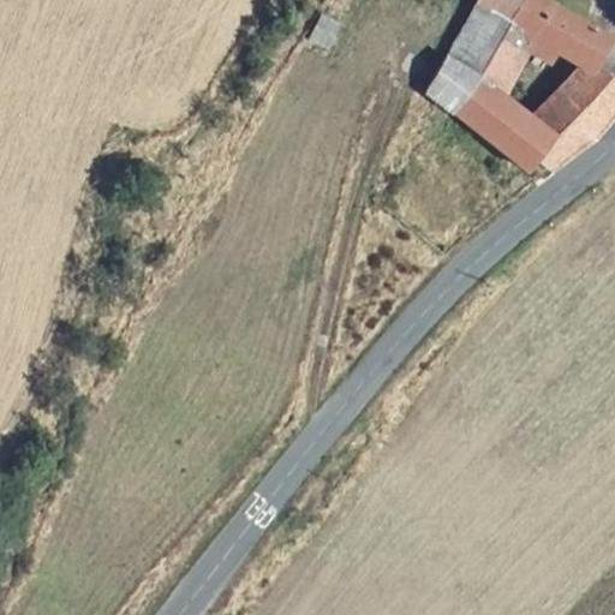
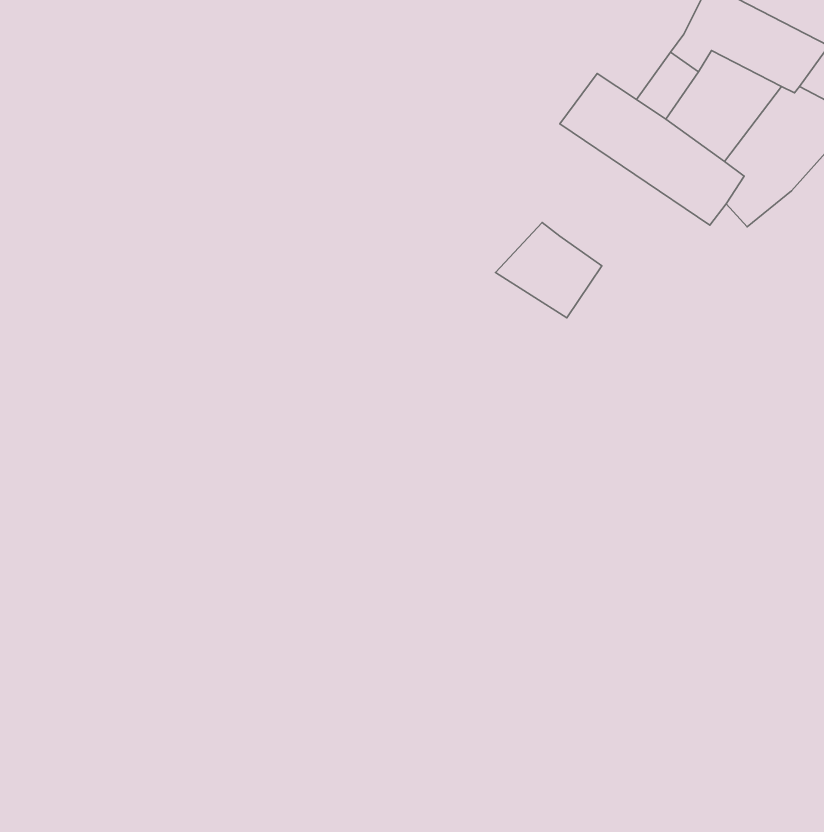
building: [447,6,510,73] -> none
building: none -> [496,222,602,318]

